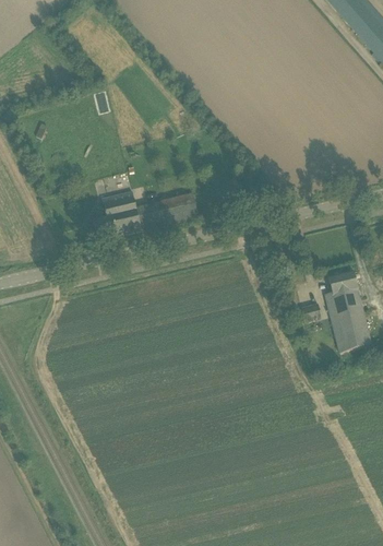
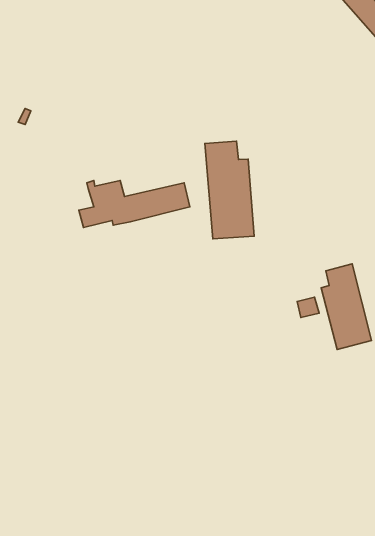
building: none -> [205,141,254,239]

